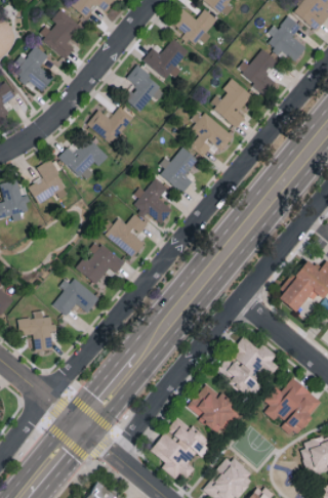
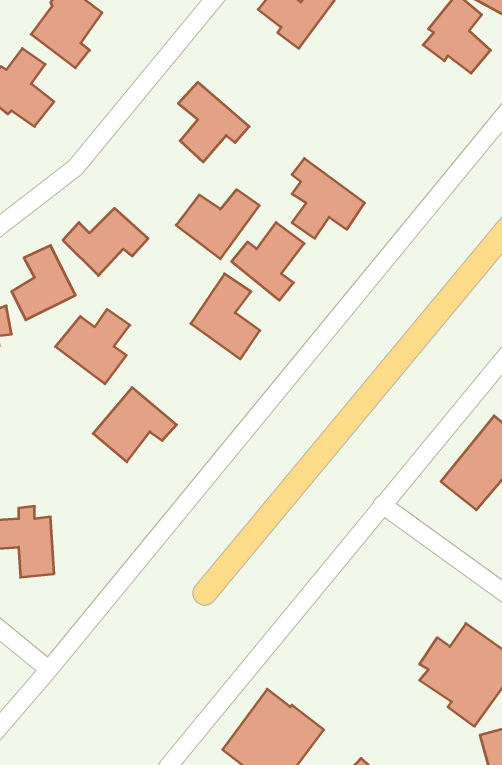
building: [142,38,189,81] -> none
building: [236,49,280,89] -> none
building: [209,78,252,127] -> none
building: [84,107,132,147] -> [176,190,259,259]
building: [104,214,147,257] -> [55,309,130,384]
building: [52,277,98,315] -> none
building: [216,335,278,395] -> none
building: [187,384,242,435] -> none

